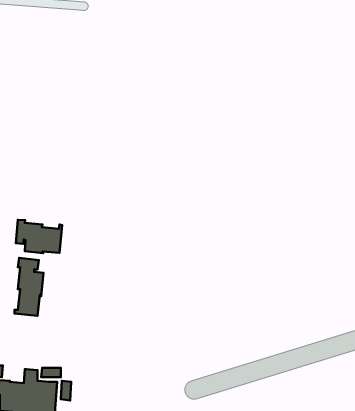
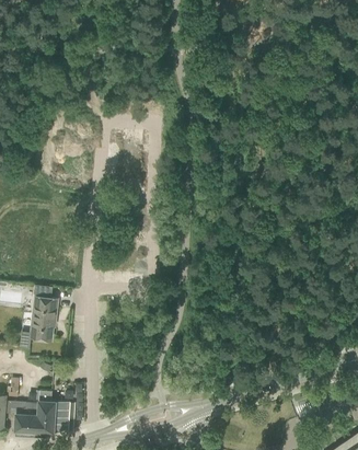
building: [16,220,62,253] -> none

